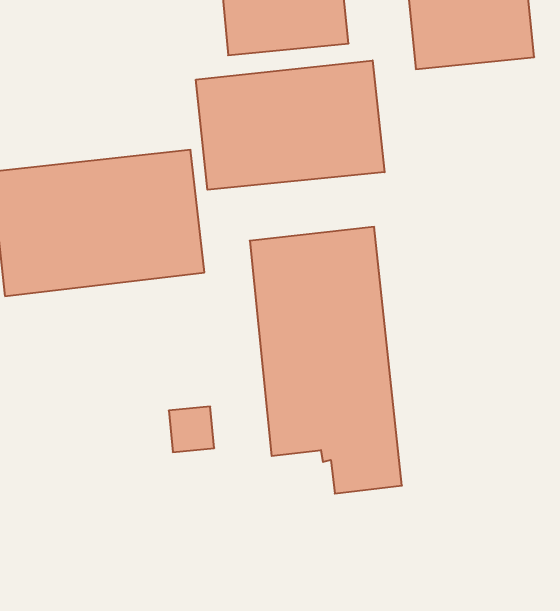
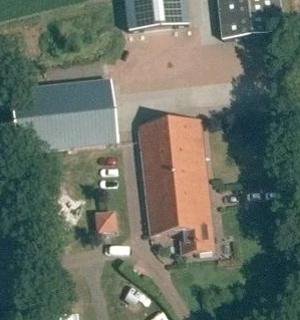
building: [196,60,385,190] -> none

